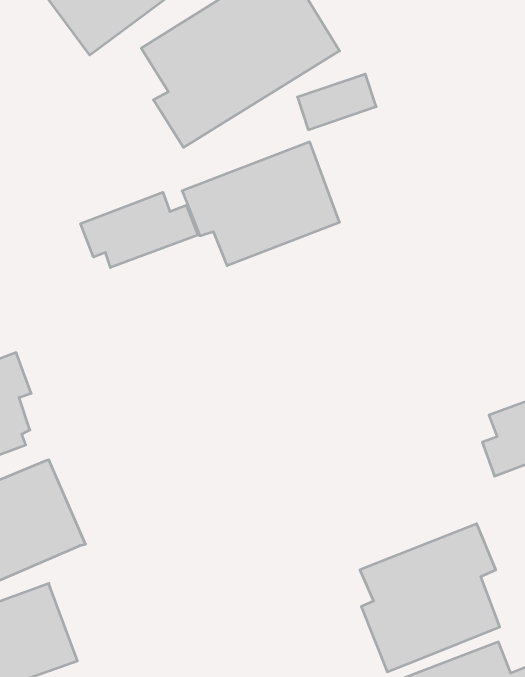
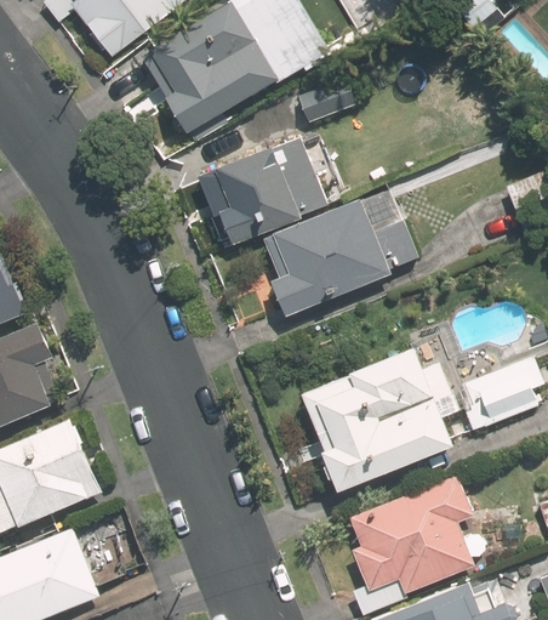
building: [81,192,198,268] -> none
building: none -> [262,188,417,317]
building: none -> [299,346,453,491]

